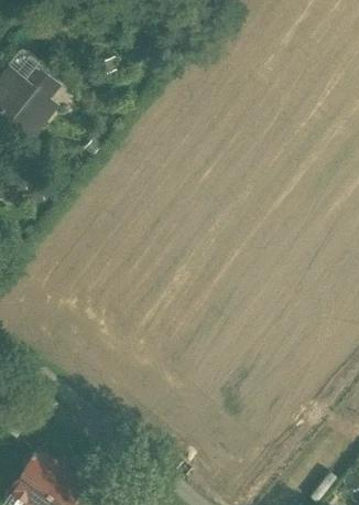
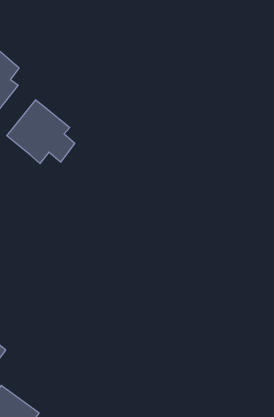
building: none -> [7,100,75,164]

